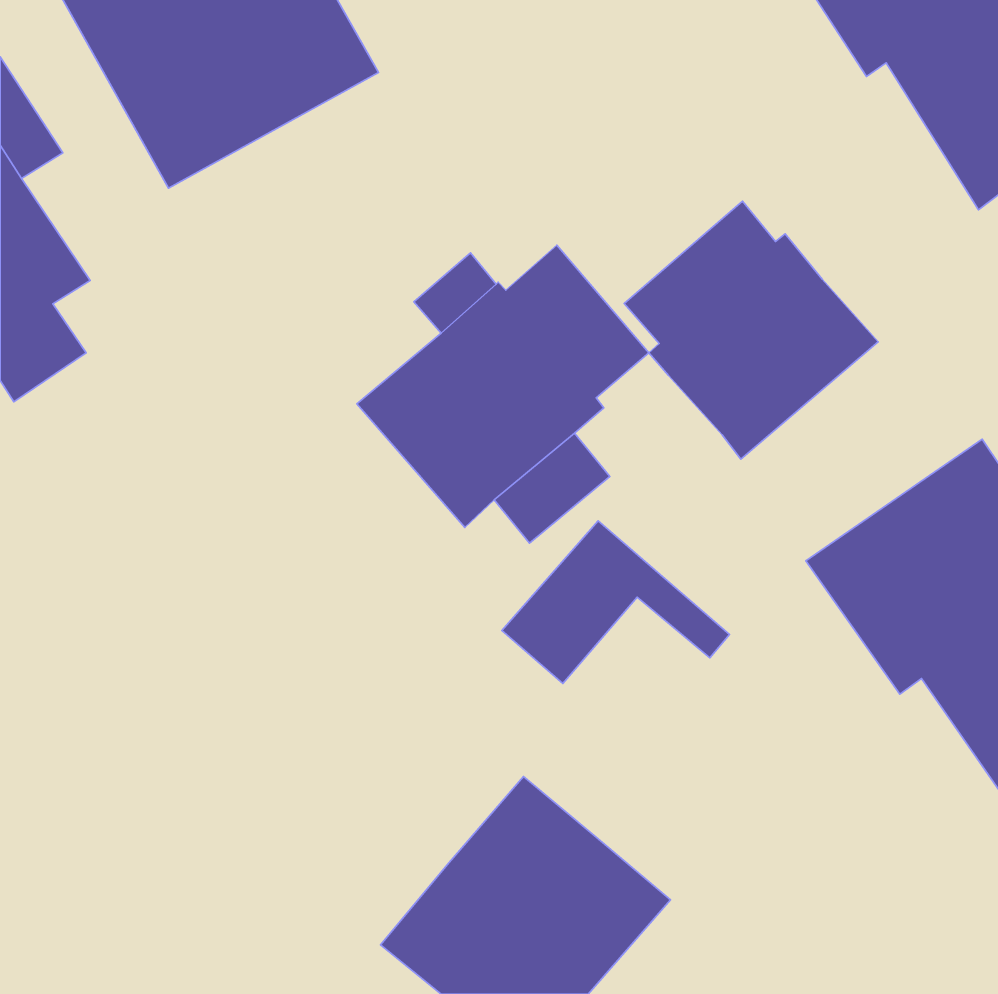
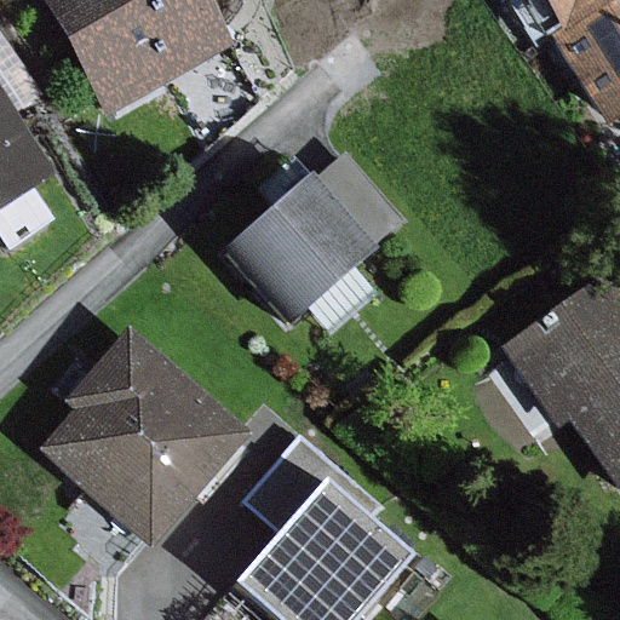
building: [624,201,878,459] -> none
building: [502,521,729,683] -> [242,432,383,533]
building: none -> [40,327,249,546]

